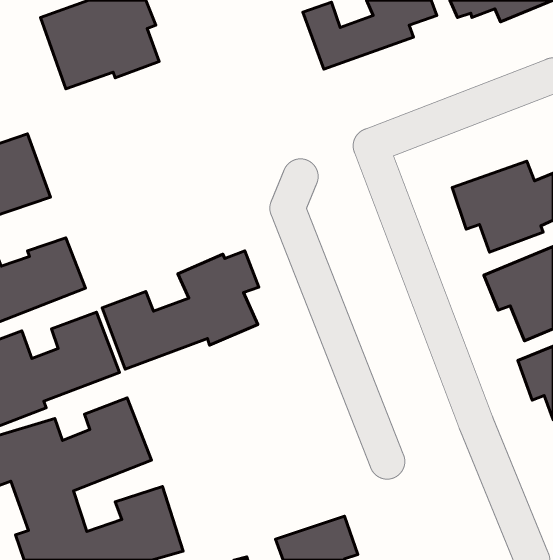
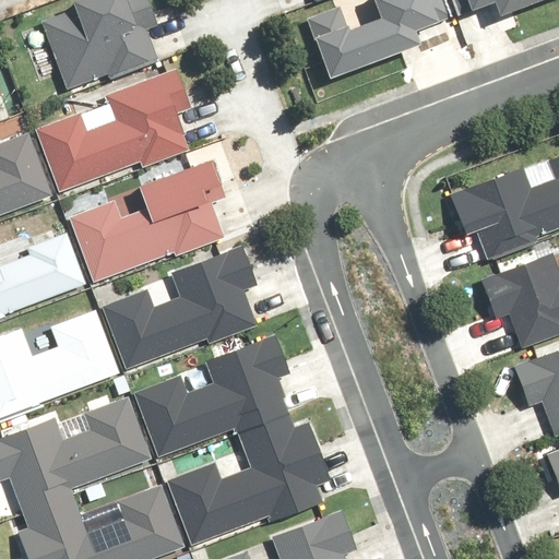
building: none -> [36,69,191,192]
building: none -> [70,164,228,282]
building: none -> [135,335,332,543]

